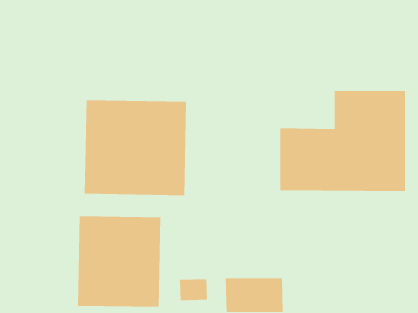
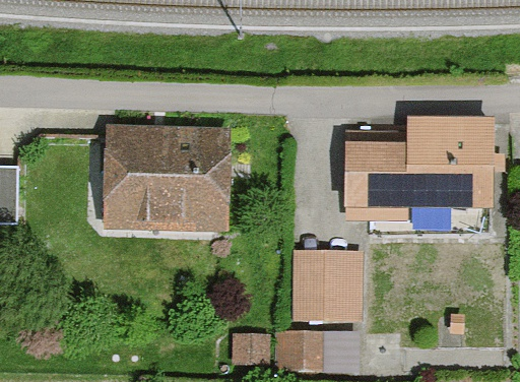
building: none -> [284,256,350,325]
building: [78,216,161,308] -> none

